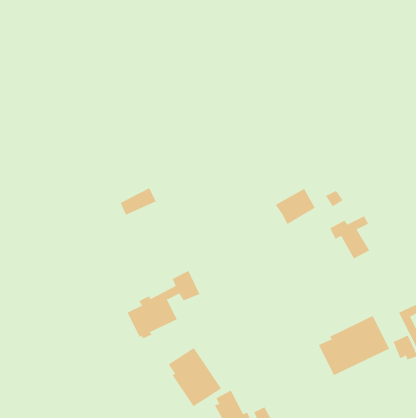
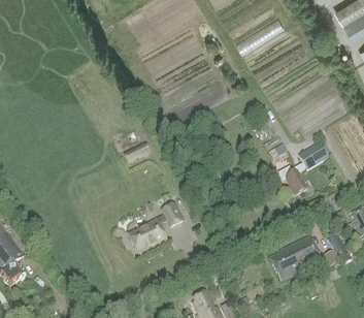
building: [275,188,316,225] -> [296,141,326,168]
building: [168,347,222,407] -> none

